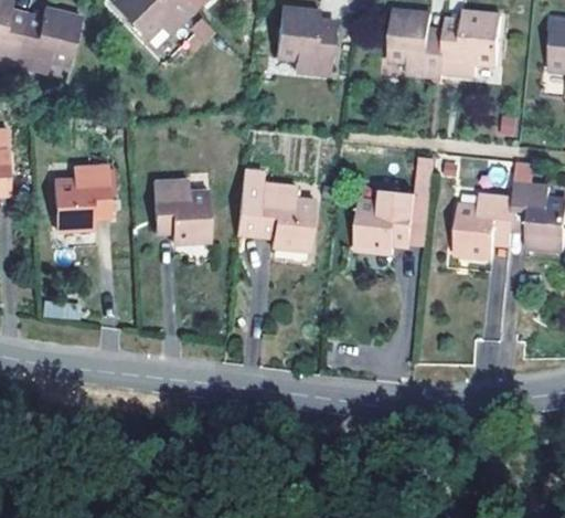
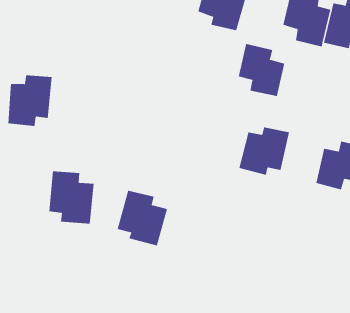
building: none -> [238,43,285,97]
building: [151,178,209,243] -> [48,171,94,224]
building: [256,182,317,247] -> [117,190,168,246]

